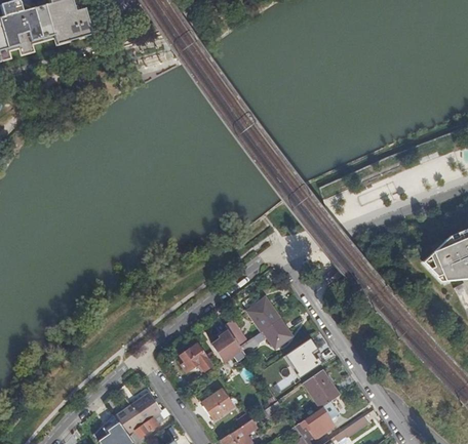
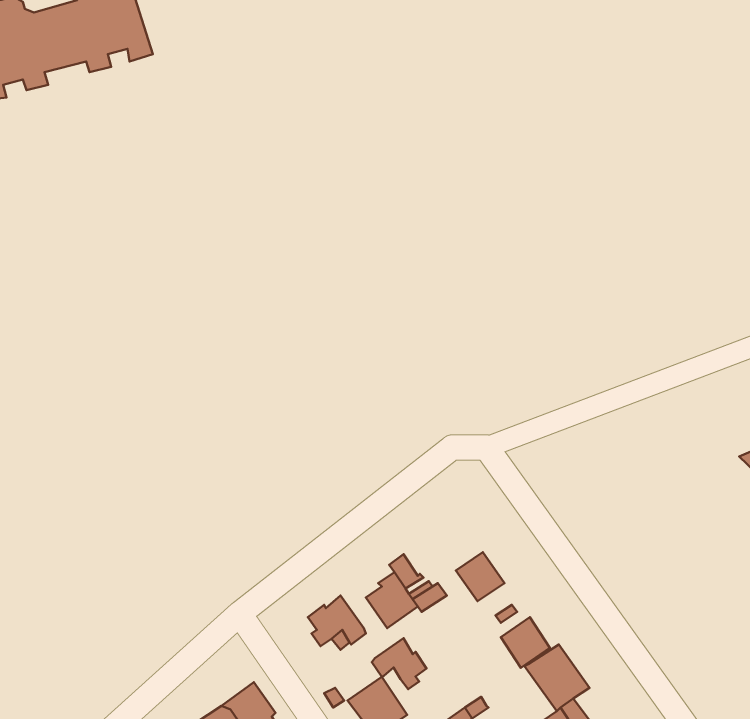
building: [248,297,279,329] -> none
building: none -> [372,638,426,689]

